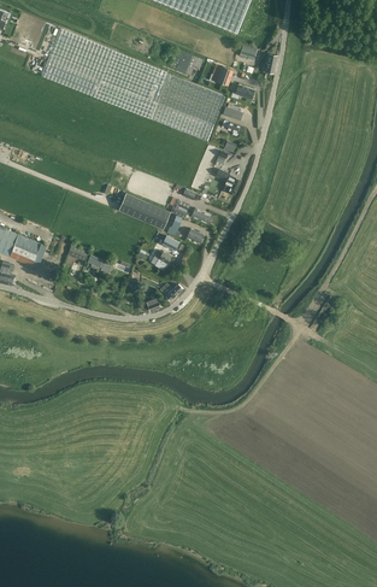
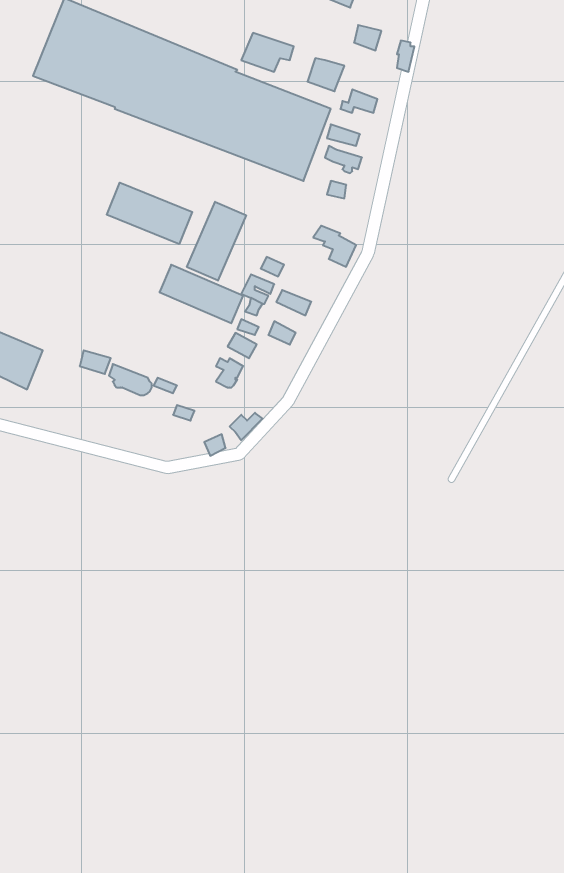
building: none -> [107,183,192,244]
building: none -> [187,202,246,281]

